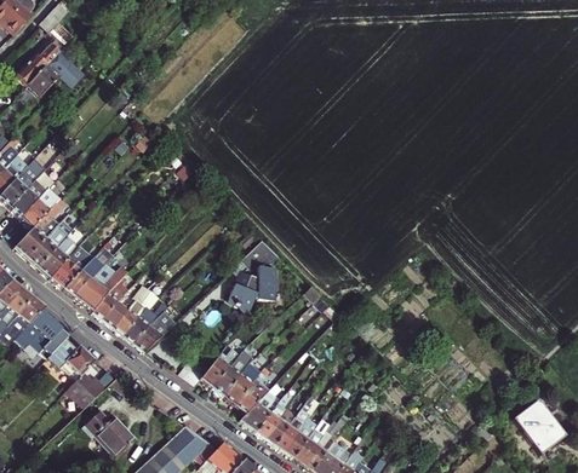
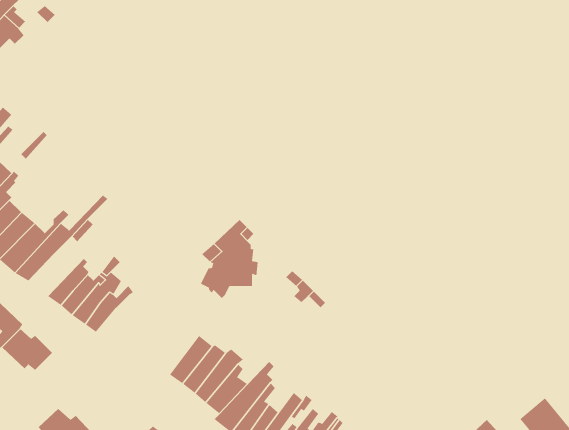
building: [74,266,127,310] -> none
building: [135,308,177,351] -> none
building: [67,373,105,408] -> none

